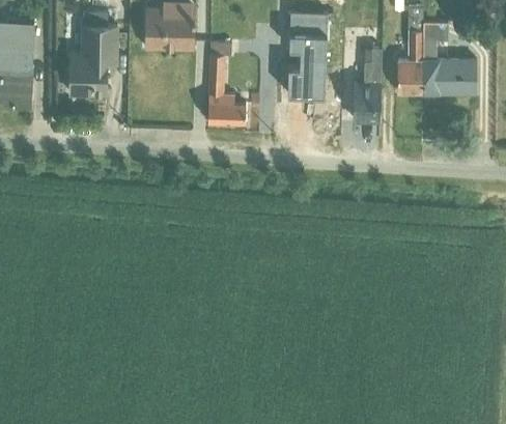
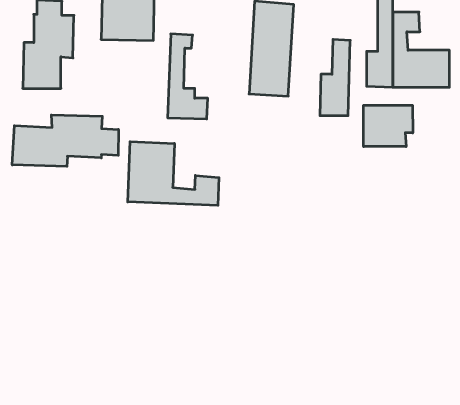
building: none -> [364,105,413,147]
building: none -> [12,115,118,166]
building: none -> [128,142,219,205]

